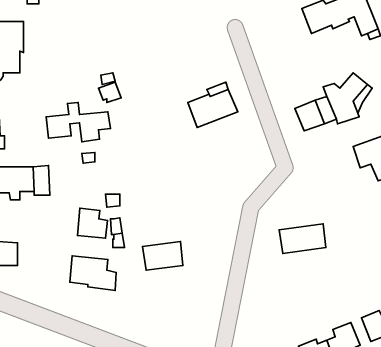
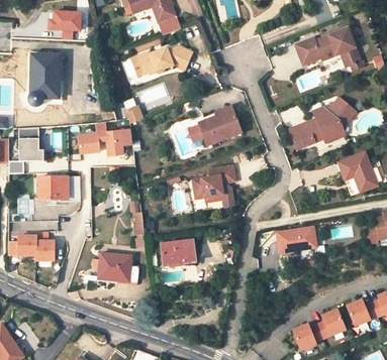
building: none -> [130,46,192,76]
building: none -> [192,165,235,207]
building: [77,208,107,238] -> none

